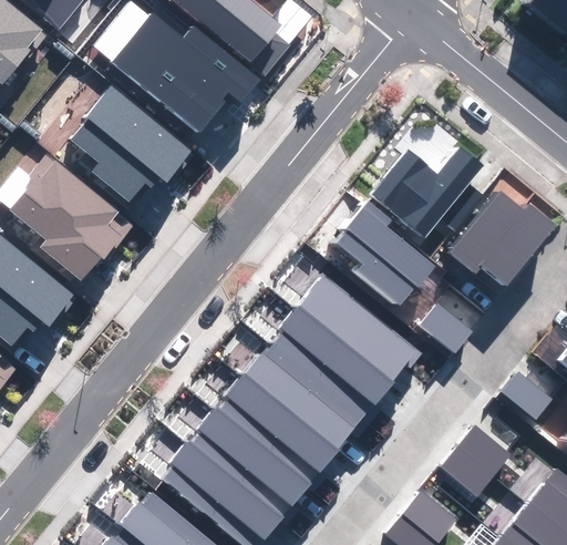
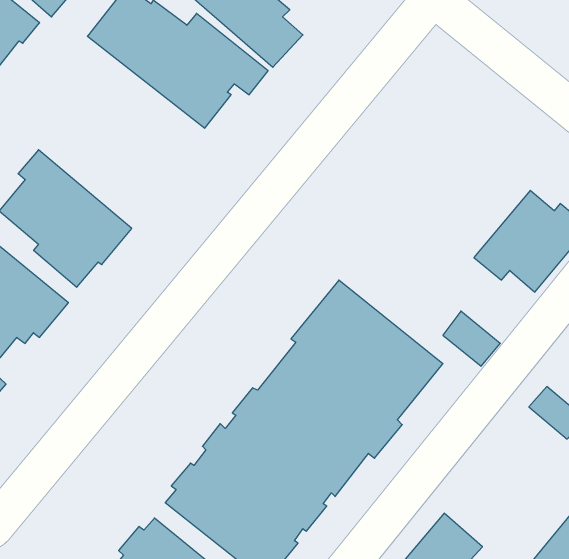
building: [70,86,192,202] -> none
building: [370,147,483,237] -> none
building: [336,202,434,307] -> none
building: [440,425,511,497] -> none

